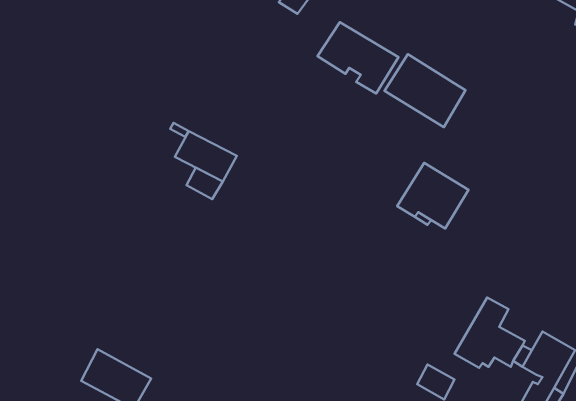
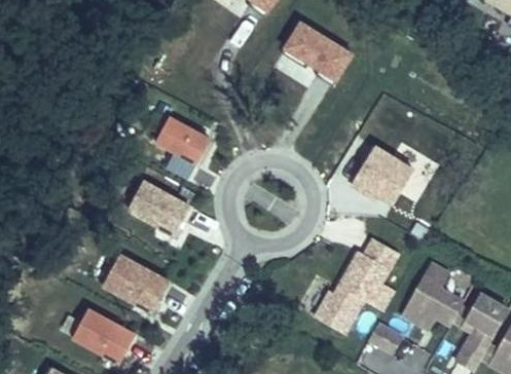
building: [384,54,465,127] -> none
building: none -> [129,181,189,233]
building: none -> [315,237,397,332]
building: none -> [106,258,167,310]

